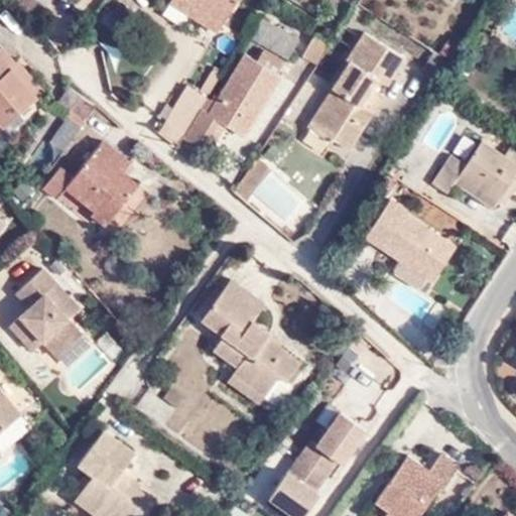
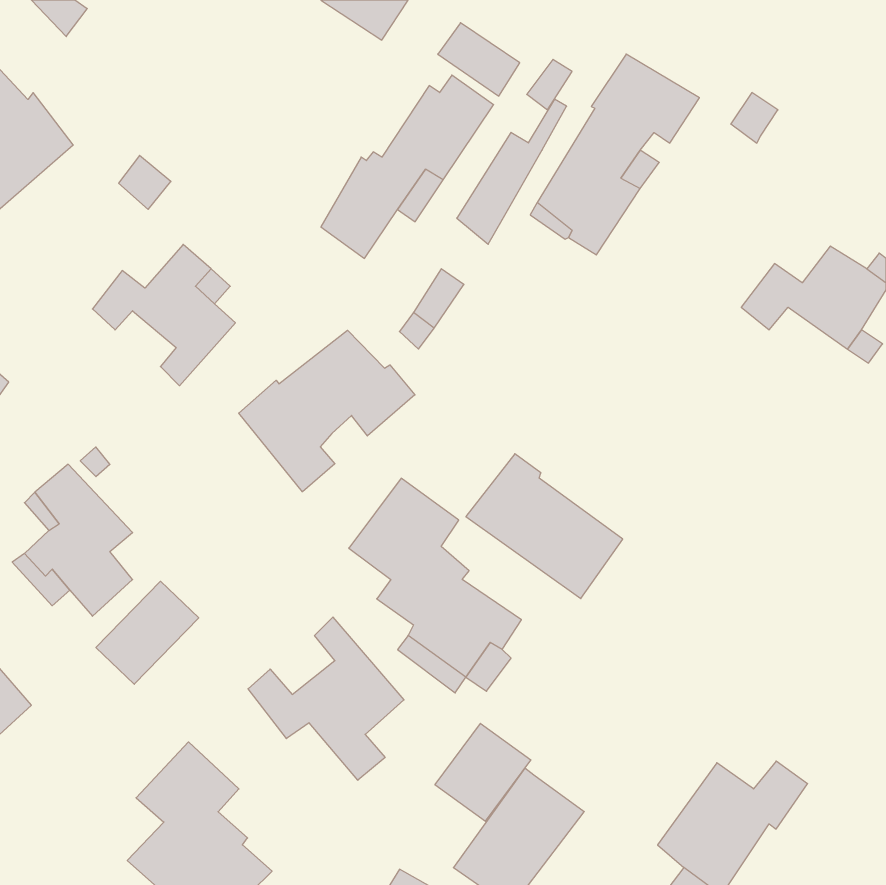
building: [159,66,223,149] -> [457,99,567,244]
building: none -> [239,330,415,492]
building: [361,206,452,289] -> [466,454,623,599]
building: none -> [248,617,404,780]
building: [308,416,364,473] -> [435,723,531,821]

